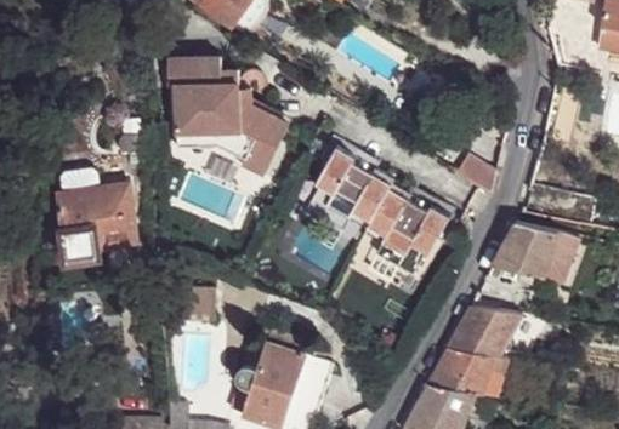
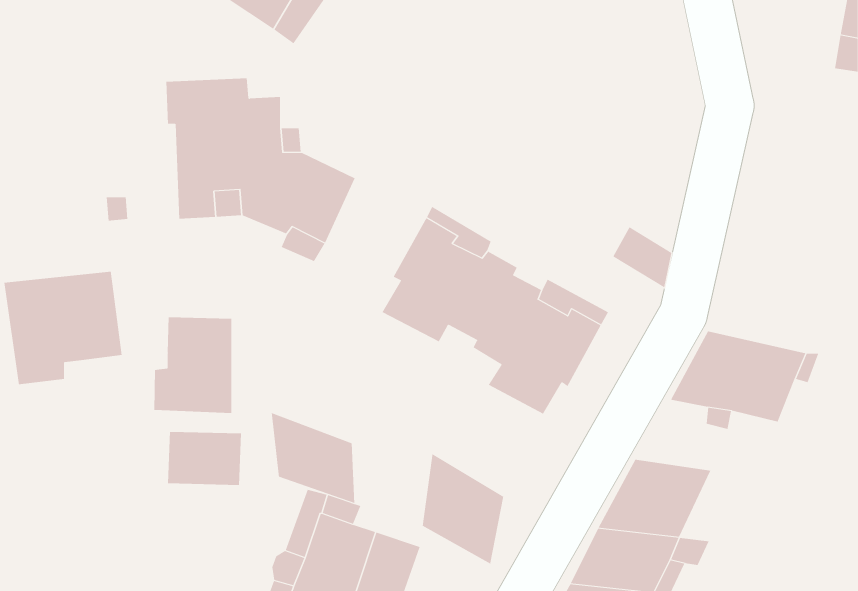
building: none -> [154,317,232,414]
building: none -> [271,412,355,504]
building: none -> [422,453,504,564]

